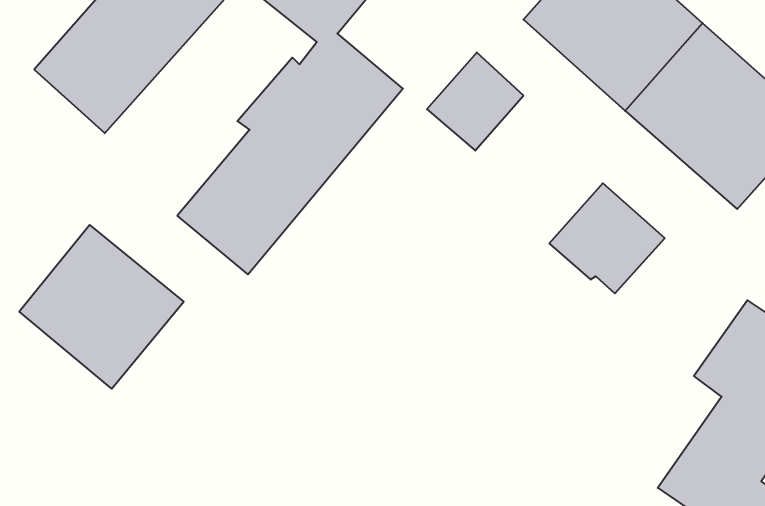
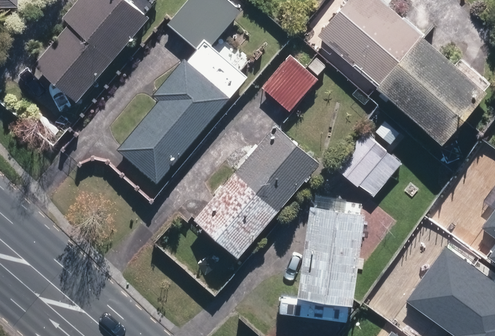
building: none -> [194,126,318,258]
building: [19,225,184,389] -> none
building: none -> [298,199,367,306]

